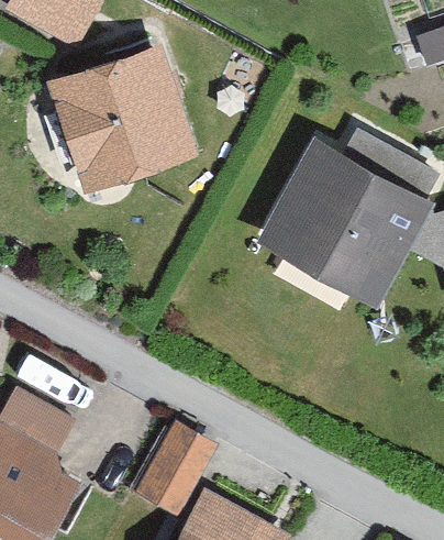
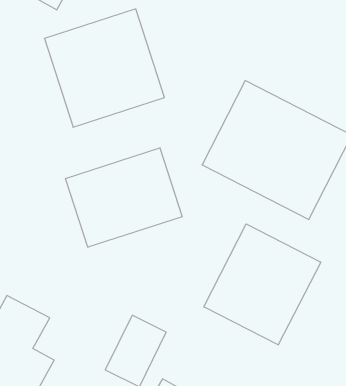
building: none -> [66,148,182,247]
building: none -> [204,224,321,345]

